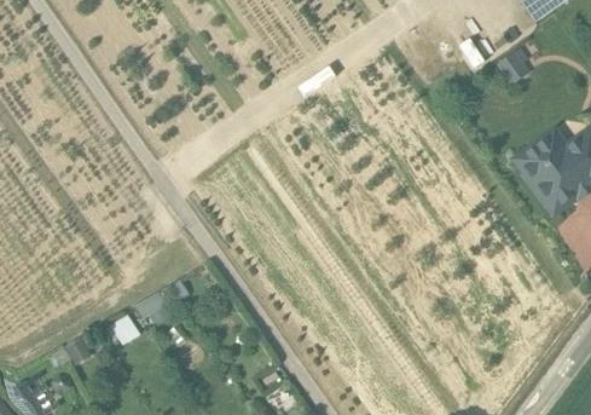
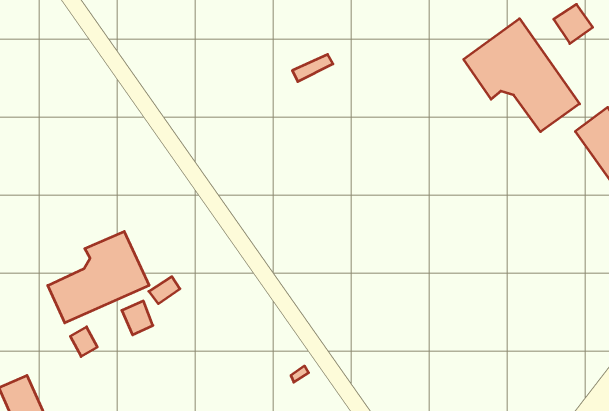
building: none -> [464,19,580,132]
building: none -> [48,231,149,323]

